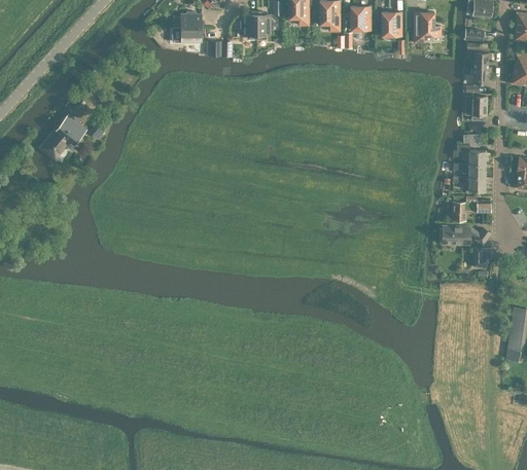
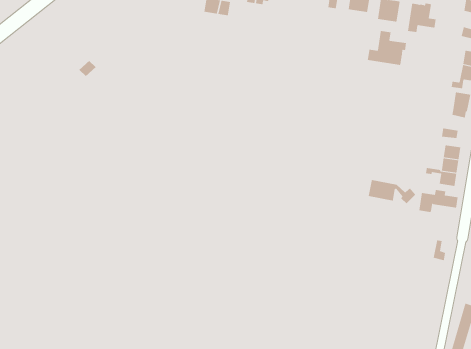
building: none -> [367,30,407,66]
building: [41,113,86,158] -> none
building: [442,225,490,245] -> [368,179,416,204]

